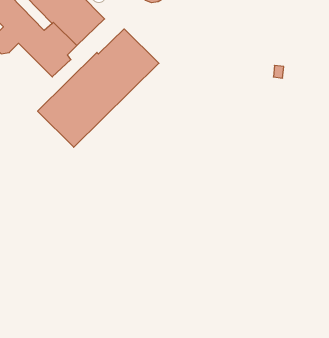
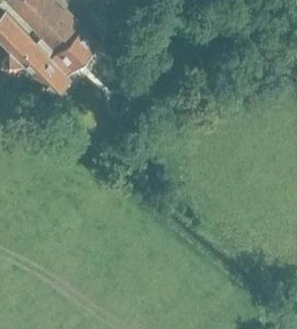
building: [38,29,159,147] -> none

